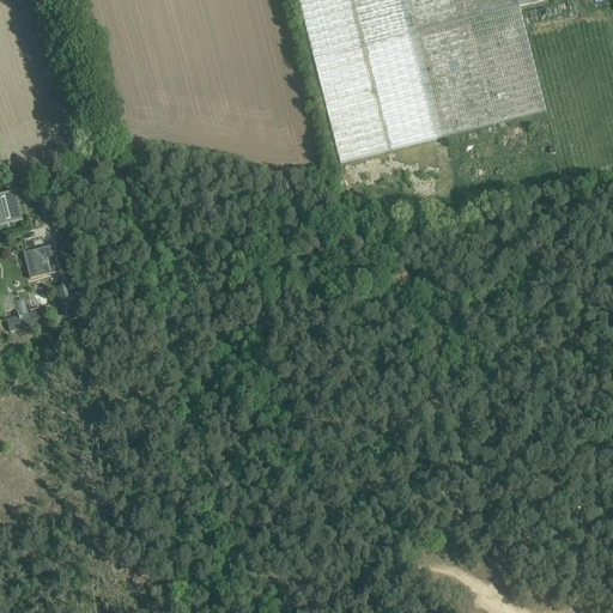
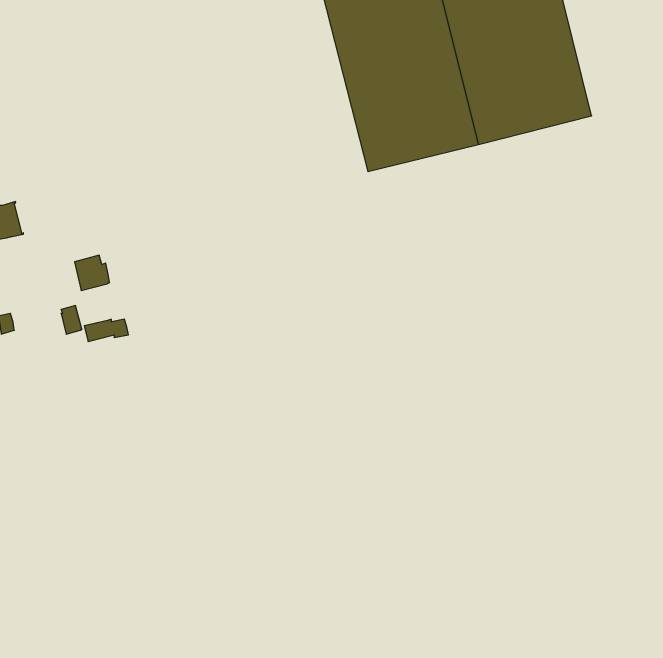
building: [23,242,55,274] -> [75,255,110,290]
building: [5,308,45,328] -> [84,319,128,341]

